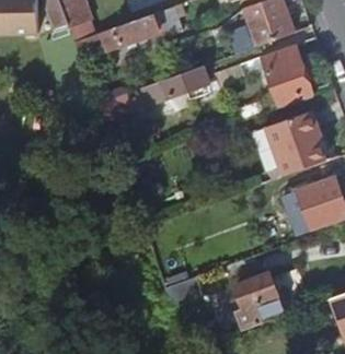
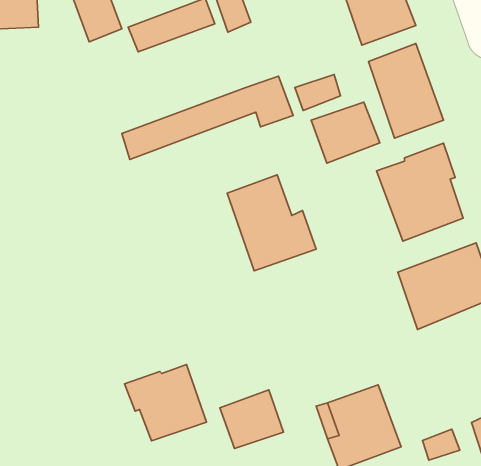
building: none -> [311,102,380,163]
building: none -> [227,175,316,271]
building: none -> [124,365,206,441]

